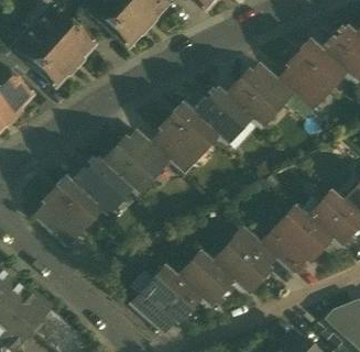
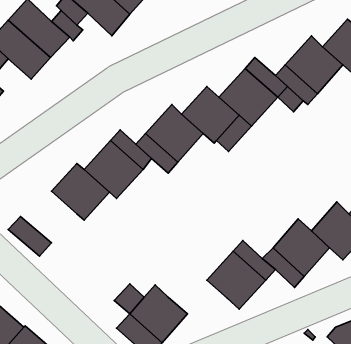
building: [44,177,97,230] -> none
building: [181,254,234,306] -> none

